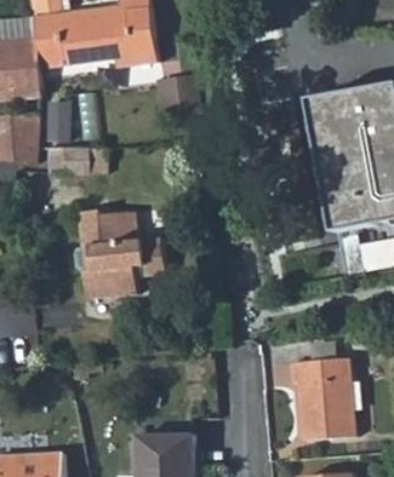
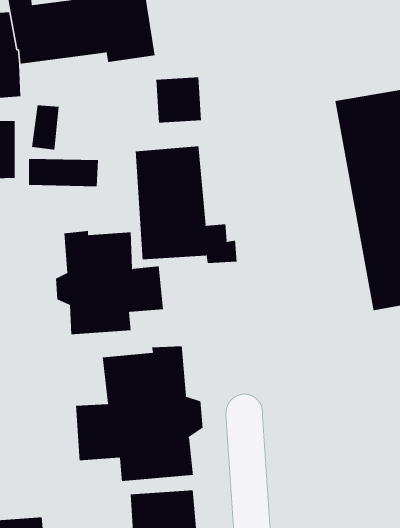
building: none -> [135,145,237,264]
building: none -> [76,345,203,482]
building: [290,360,354,441] -> none

